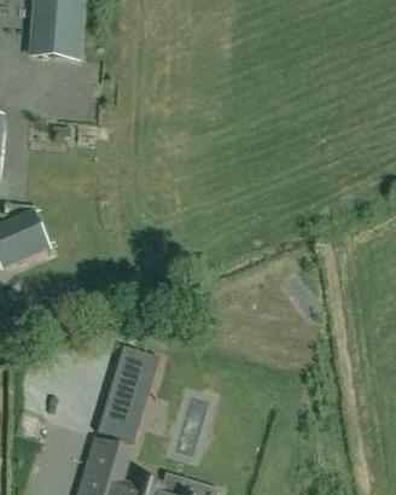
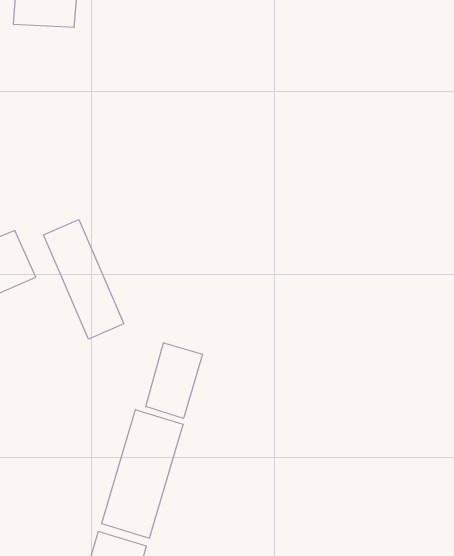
building: none -> [43,220,124,339]
building: none -> [146,343,202,418]

